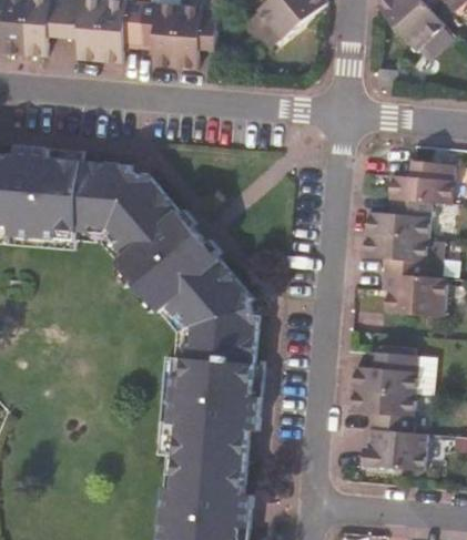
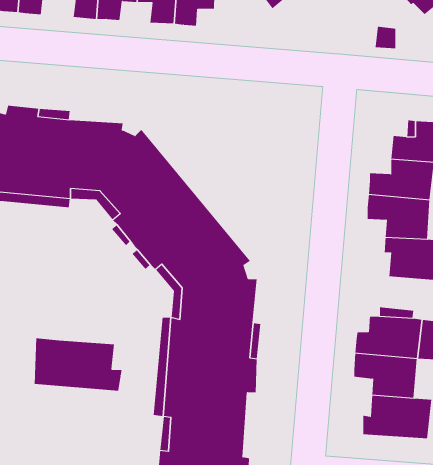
building: none -> [34,338,122,391]

